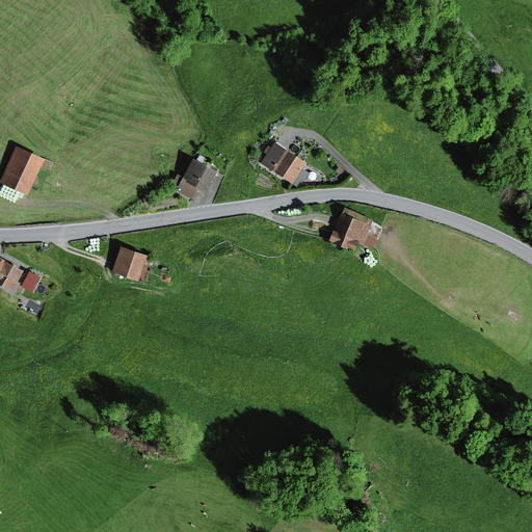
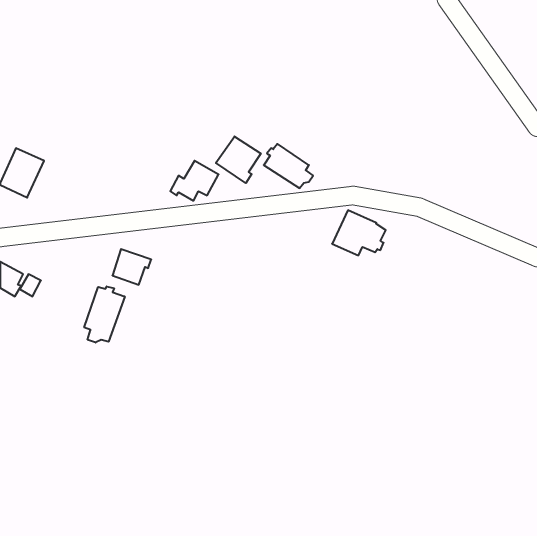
building: none -> [216,136,261,183]
building: none -> [84,286,125,343]

